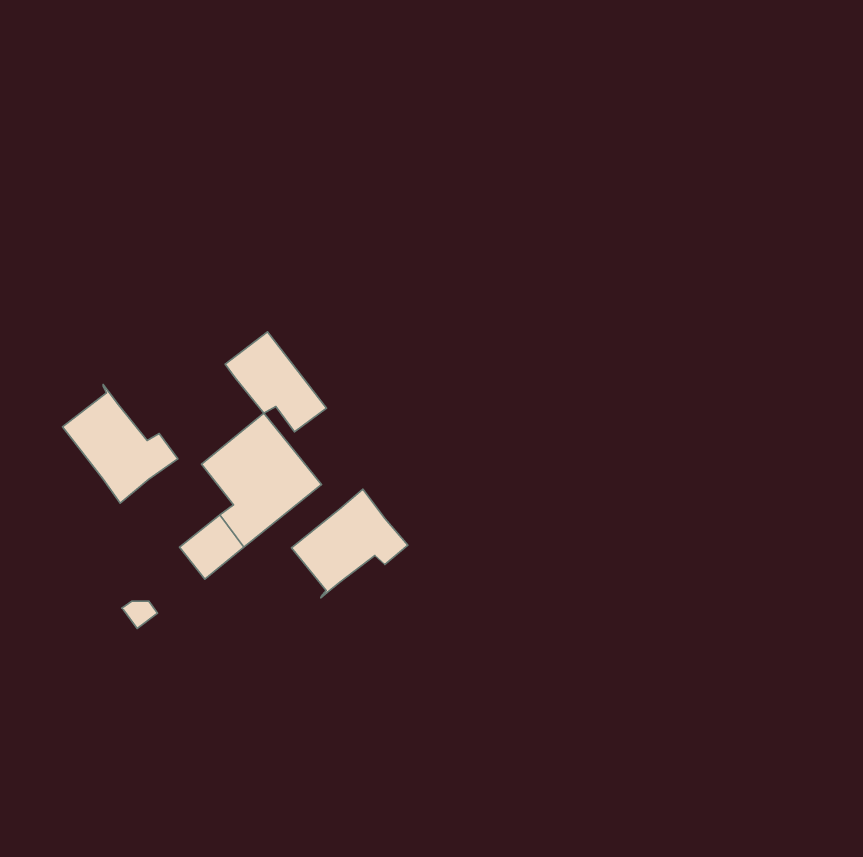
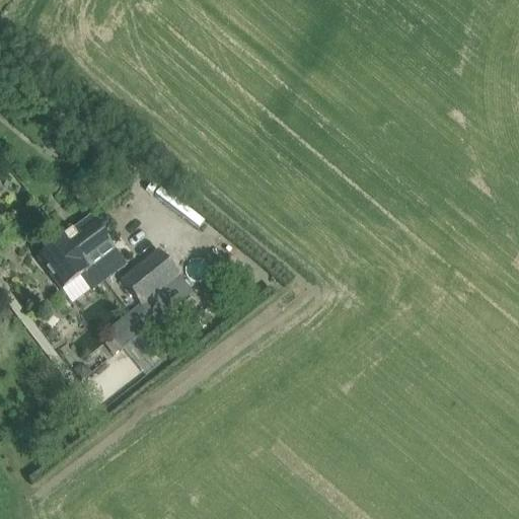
building: [225,332,327,432] -> [66,215,127,275]
building: [292,489,408,598] -> none

